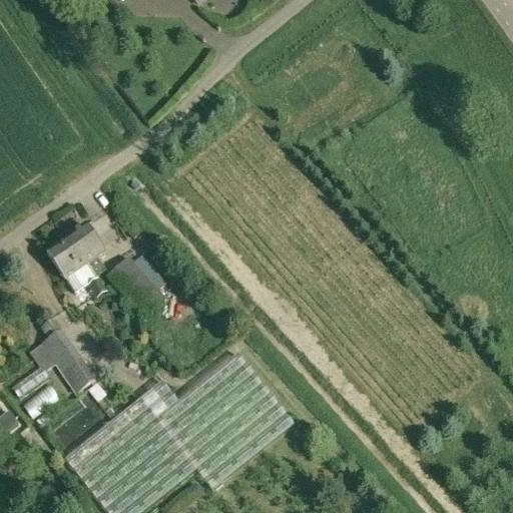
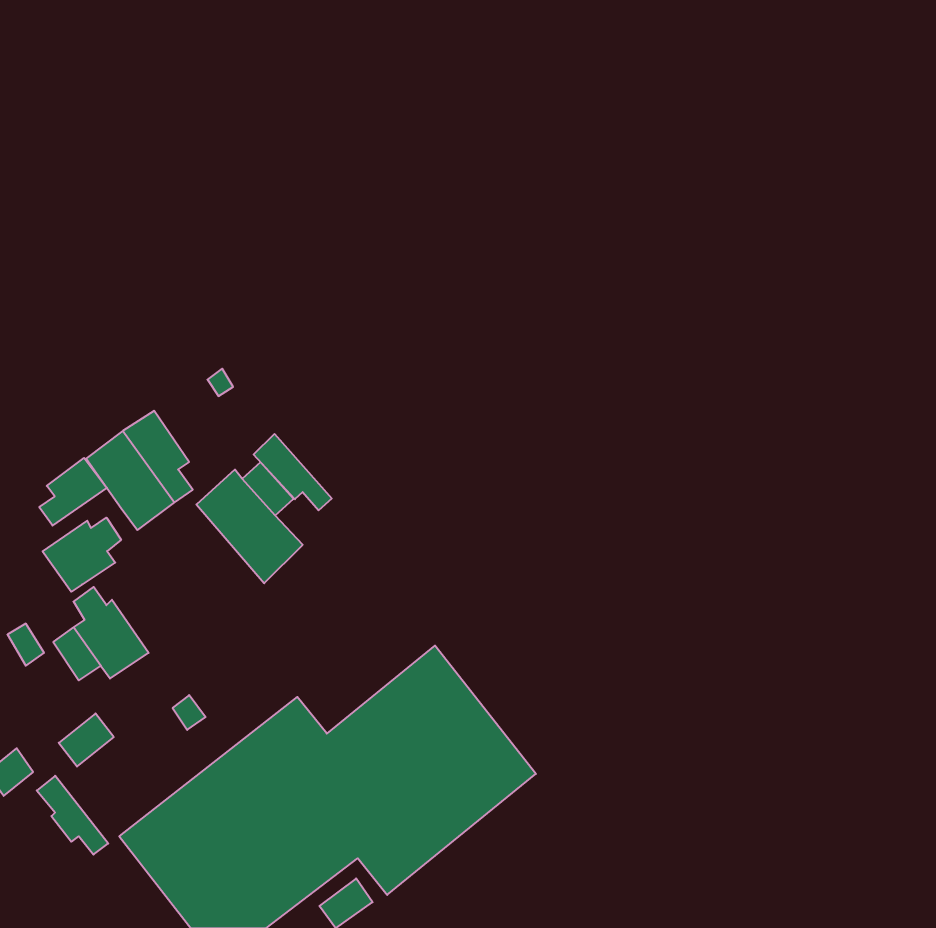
building: none -> [254,434,332,510]
building: none -> [39,458,107,526]
building: none -> [43,518,121,592]
building: [60,357,95,393] -> none

